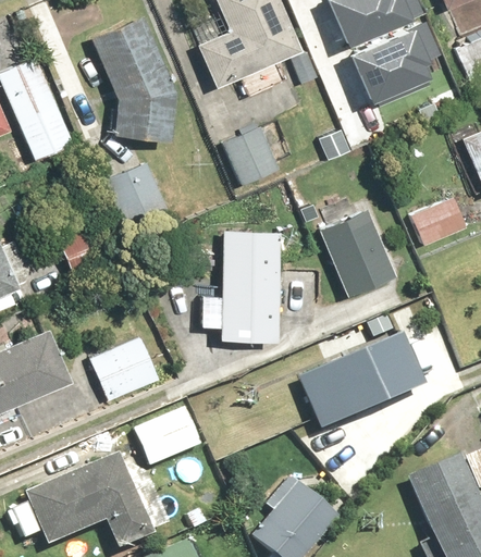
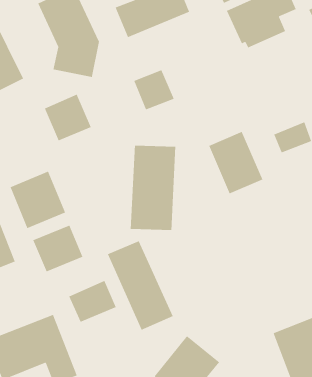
building: none -> [9,171,66,229]
building: [297,335,424,434] -> none
building: none -> [107,240,174,331]

